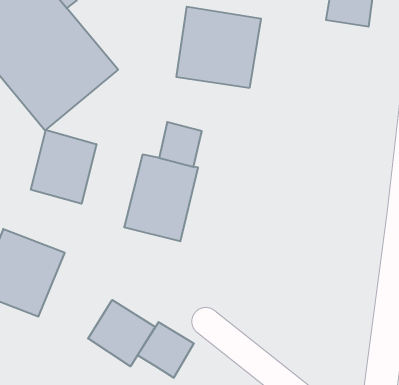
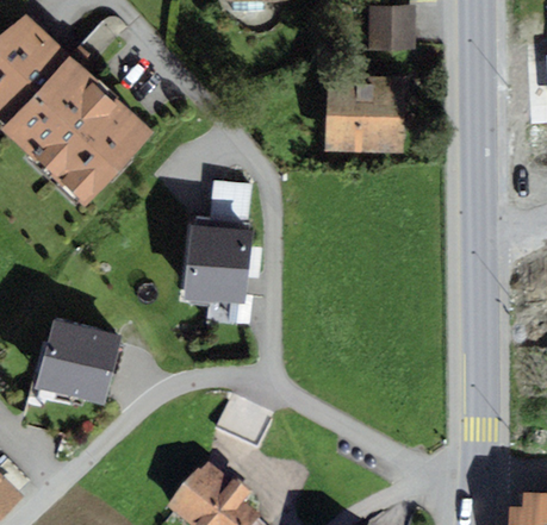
building: [176,7,261,88] -> [325,74,408,151]
building: [31,130,96,204] -> none
building: [88,300,155,366] -> none

